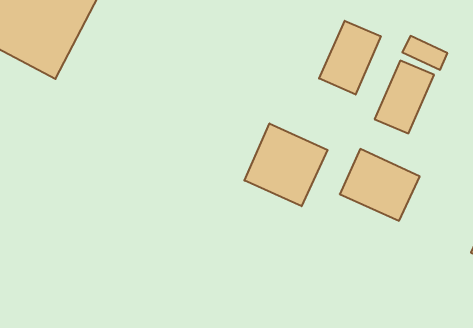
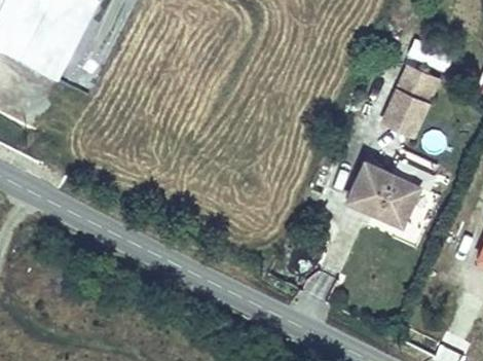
building: [319,21,381,95] -> none
building: [244,123,328,206] -> none

